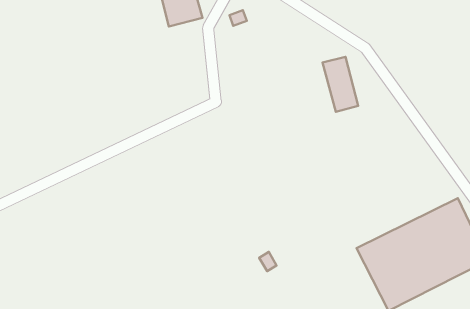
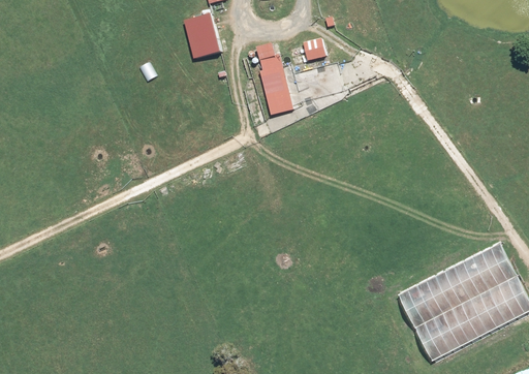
building: none -> [300,34,326,59]
building: [322,57,358,112] -> [257,55,295,114]

